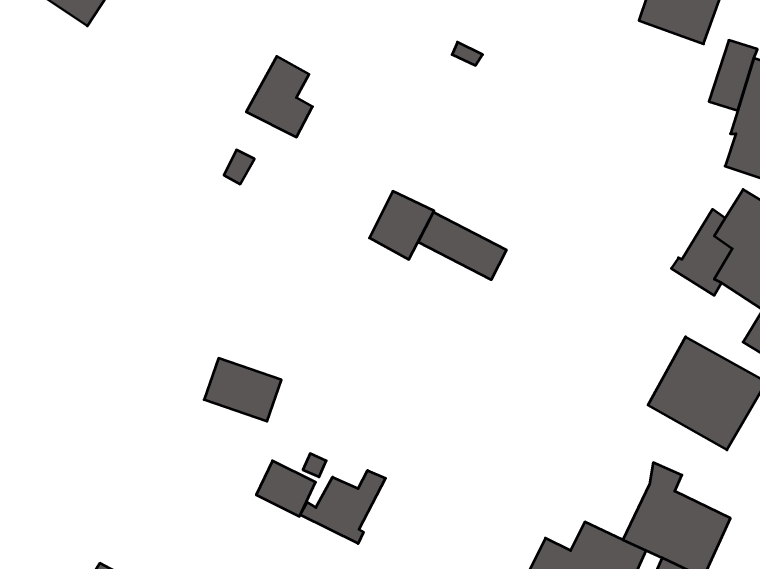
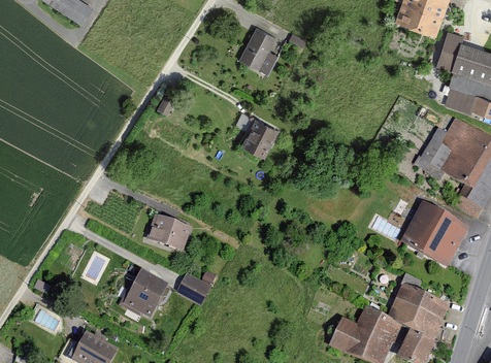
building: [246,56,313,137] -> [239,27,277,73]
building: [418,212,506,280] -> none
building: none -> [119,270,168,317]
building: [300,470,386,544] -> none

